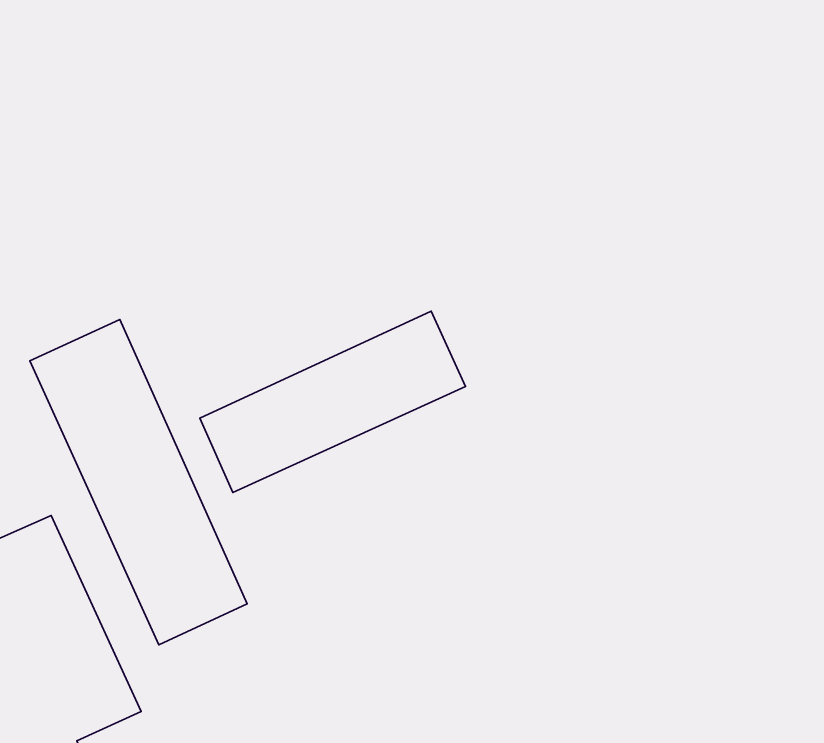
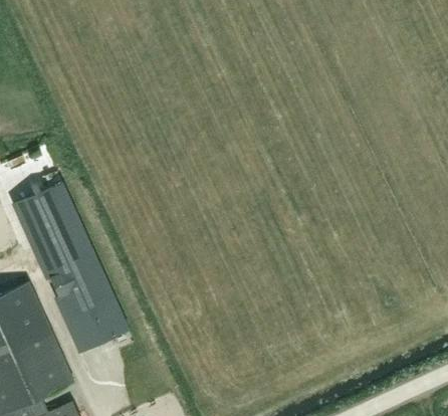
building: [200,311,465,492] -> none

